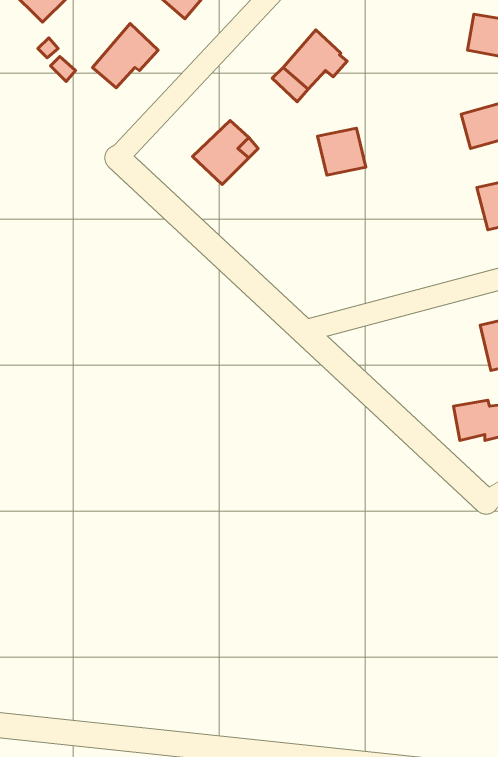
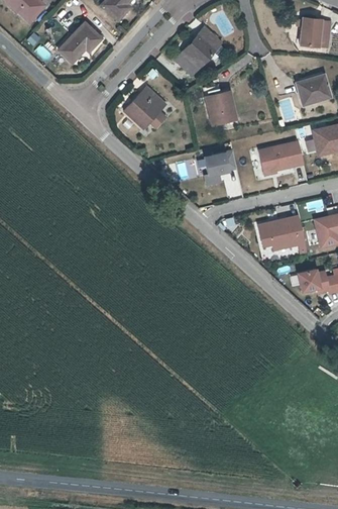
building: none -> [257,140,303,176]
building: none -> [202,148,236,185]
building: none -> [256,214,305,251]

